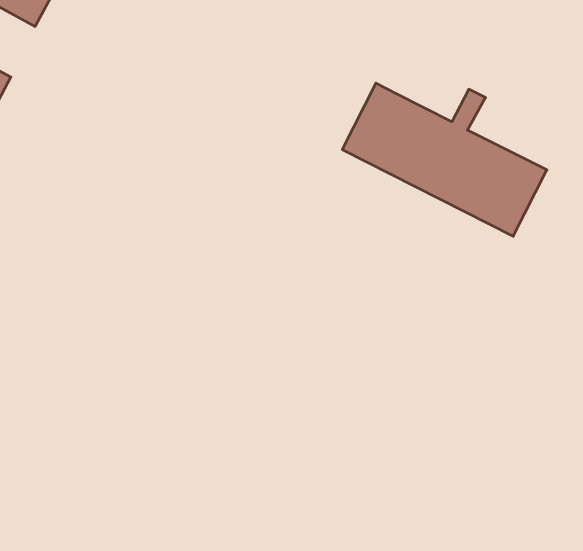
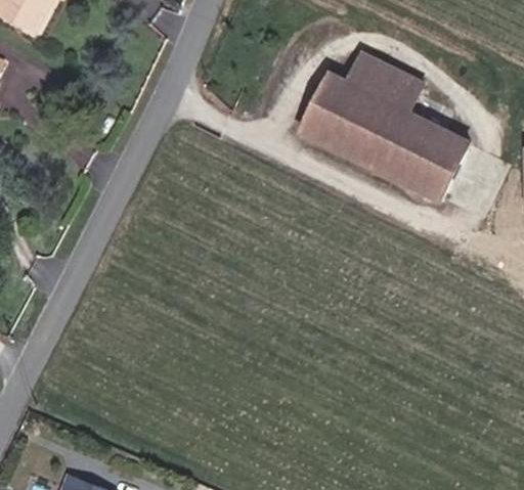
building: none -> [342,53,403,105]

